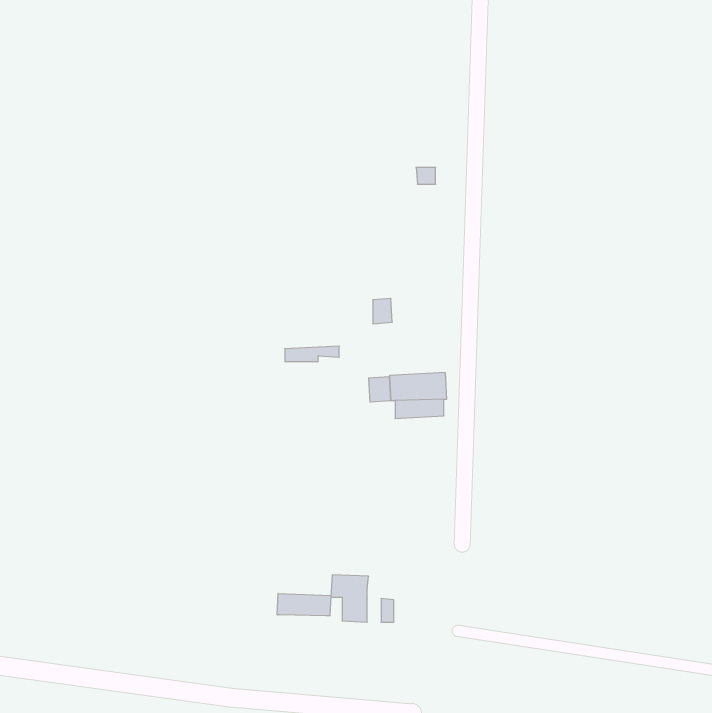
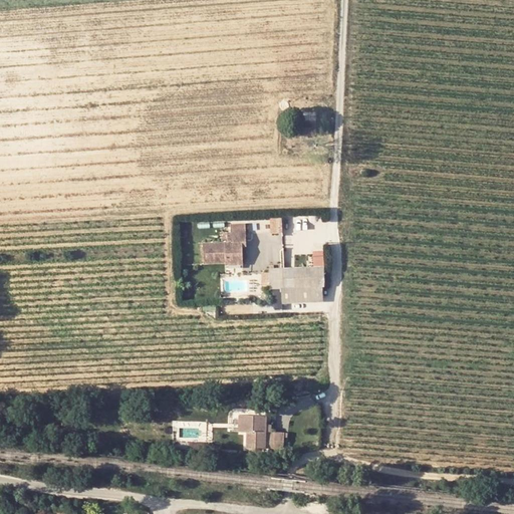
building: none -> [204,231,248,251]
building: [277,593,331,616] -> none

